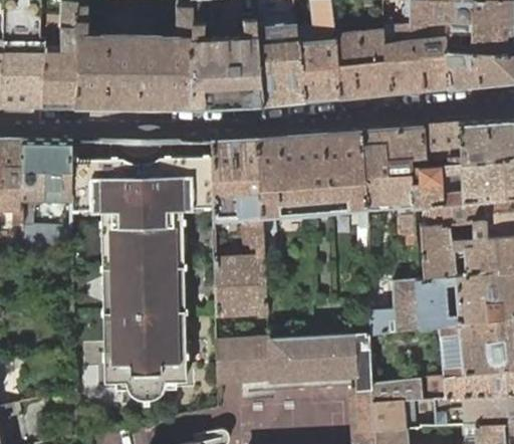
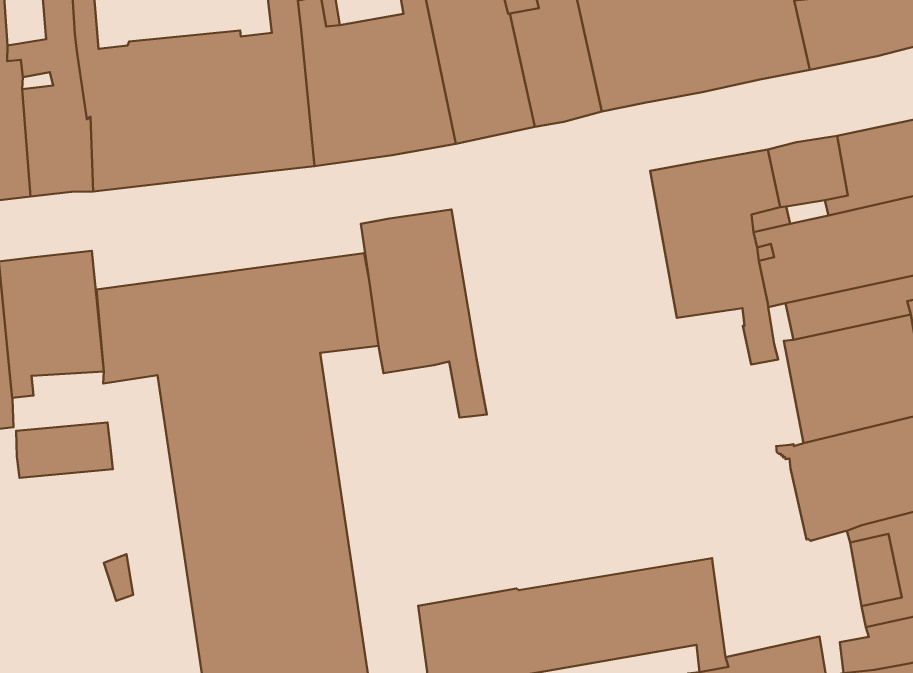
building: [258,132,367,233] -> none
building: [215,217,267,316] -> none
building: [369,279,420,335] -> none

